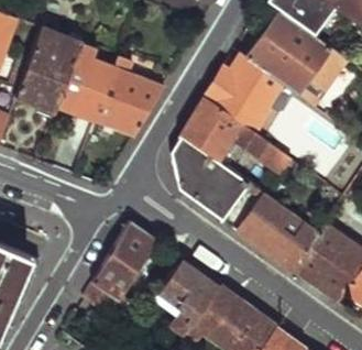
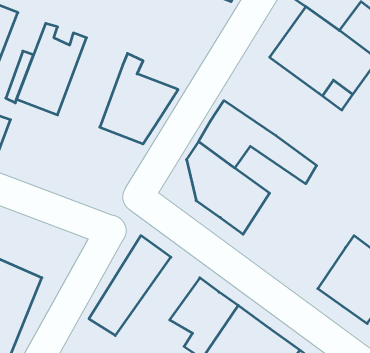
building: [55,41,113,122] -> none
building: [206,54,293,130] -> none
building: [223,183,317,270] -> none

